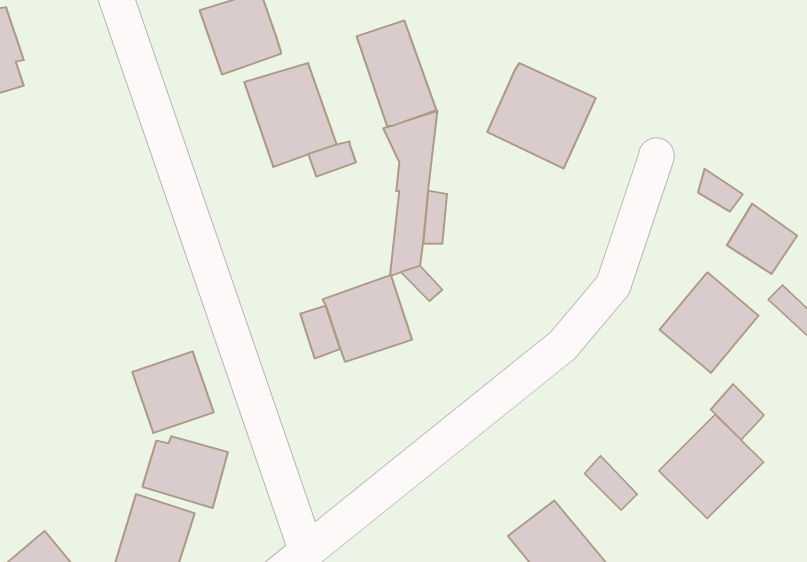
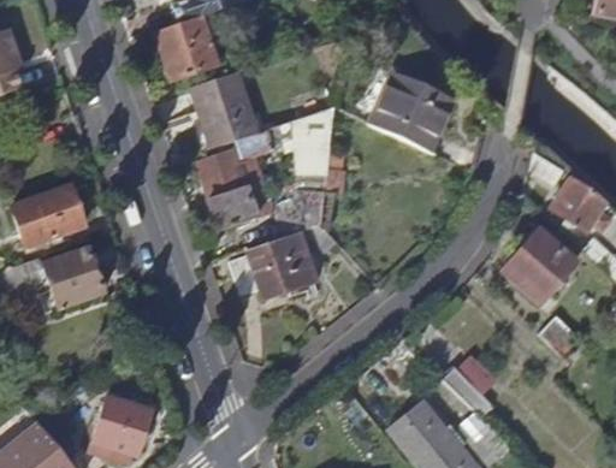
building: [357,21,436,126] -> [197,149,257,229]
building: none -> [12,184,85,245]
building: [132,352,214,433] -> [43,247,105,308]
building: [659,414,764,518] -> none
building: [142,436,228,508] -> none

